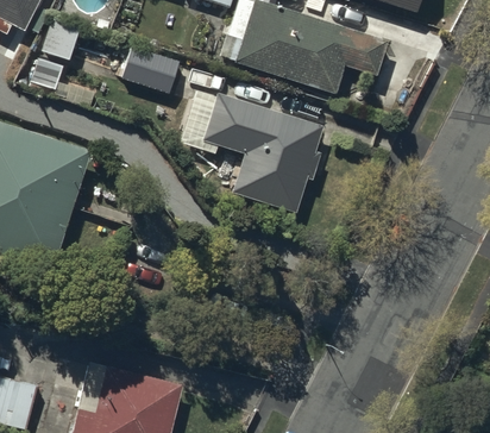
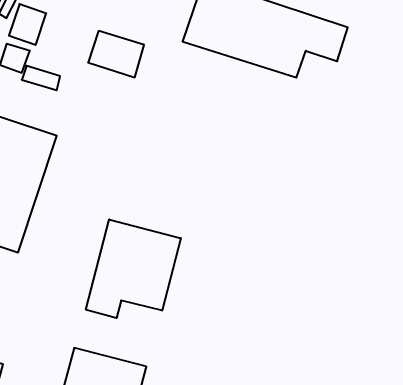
building: [201,92,326,212] -> none
building: none -> [86,219,181,318]

